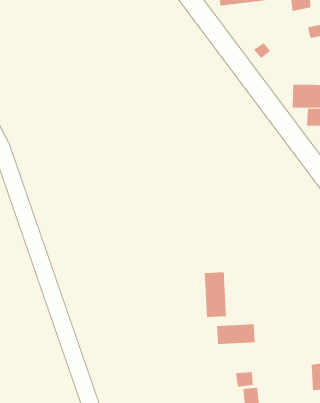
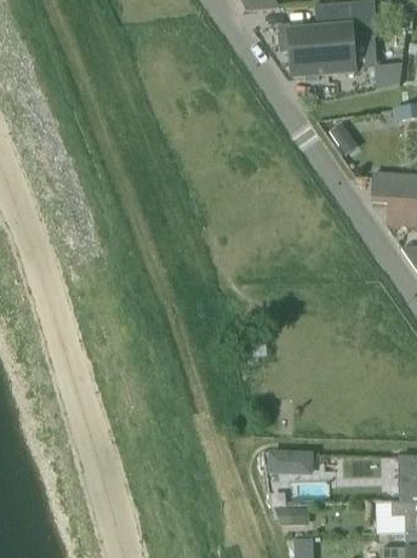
building: [204,271,227,318] -> none

